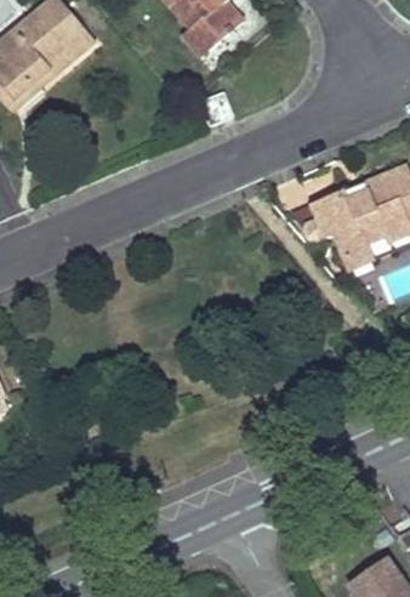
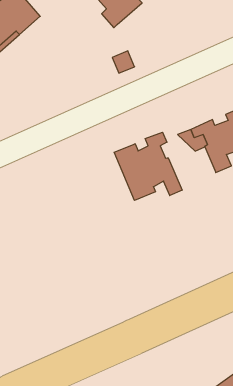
building: none -> [114,132,182,200]

